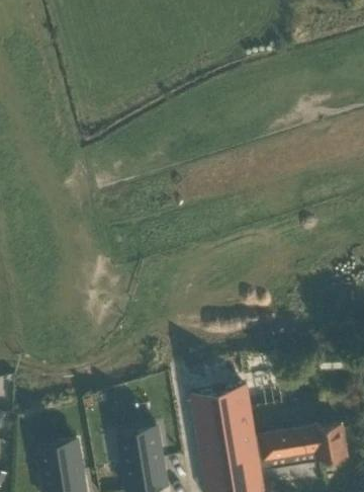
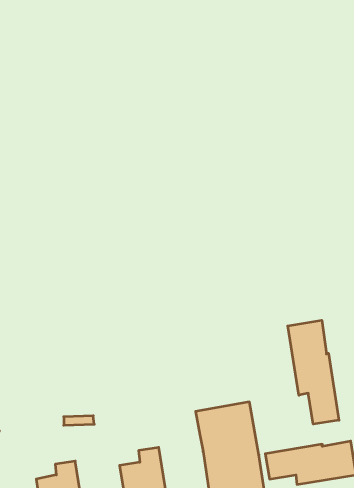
building: none -> [288,320,339,424]

